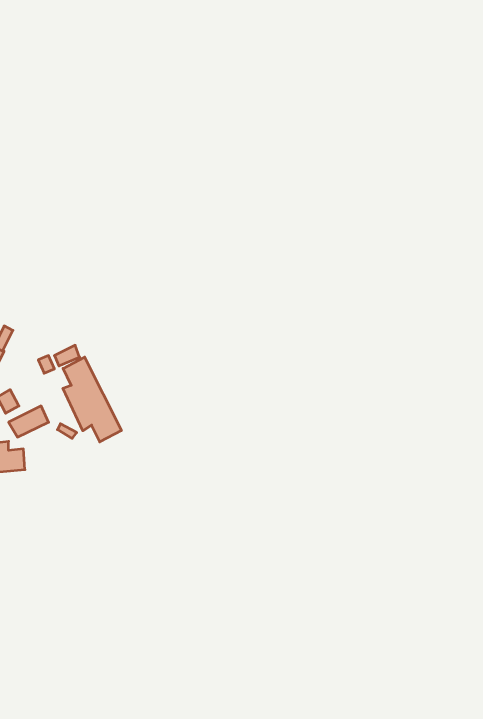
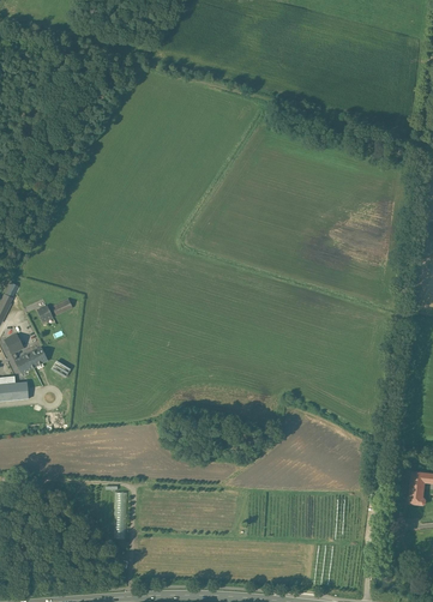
building: [63,357,121,442] -> none

